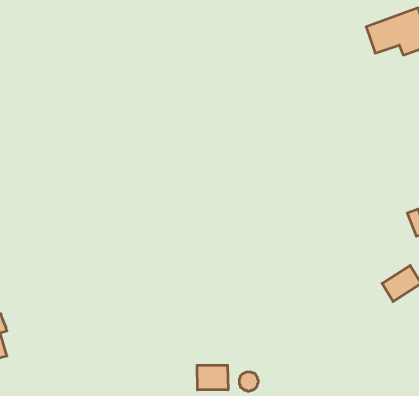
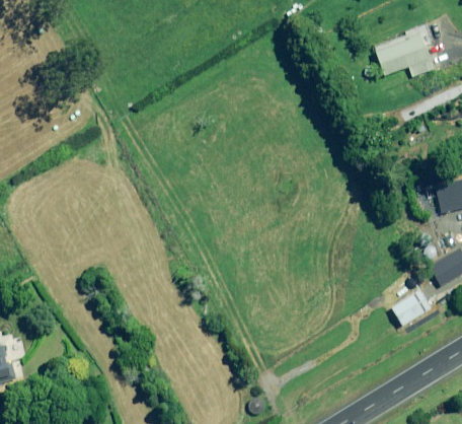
building: [197,365,228,390] -> none

